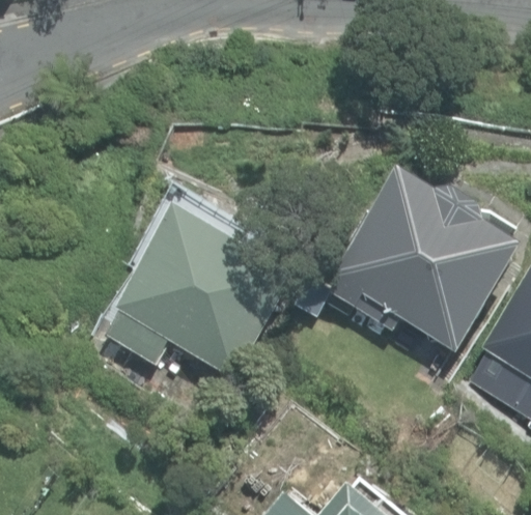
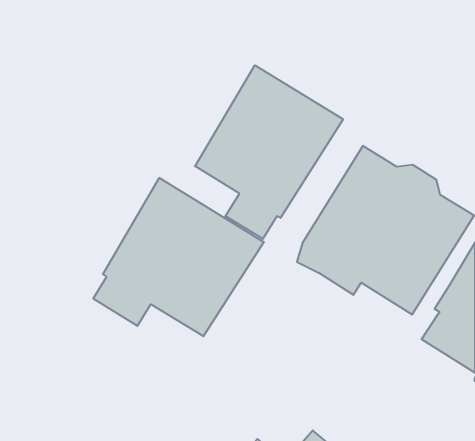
building: none -> [195,65,343,239]

